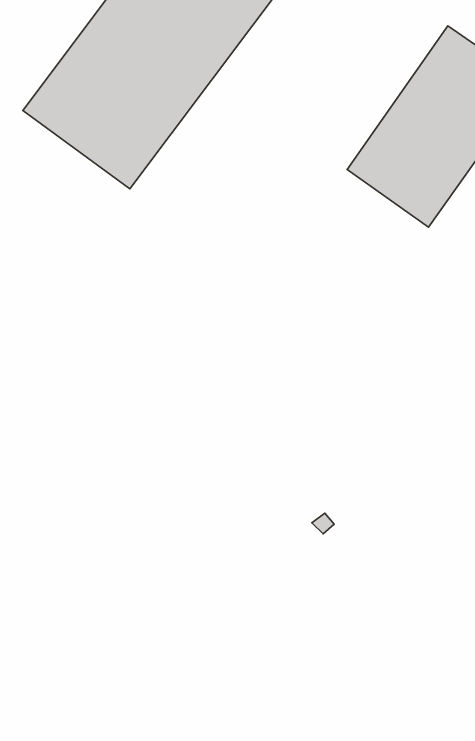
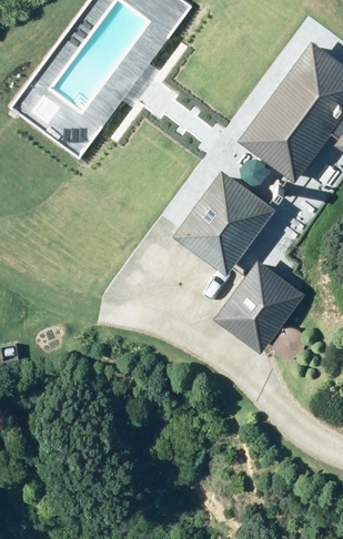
building: none -> [170,169,272,274]
building: none -> [214,262,303,354]

